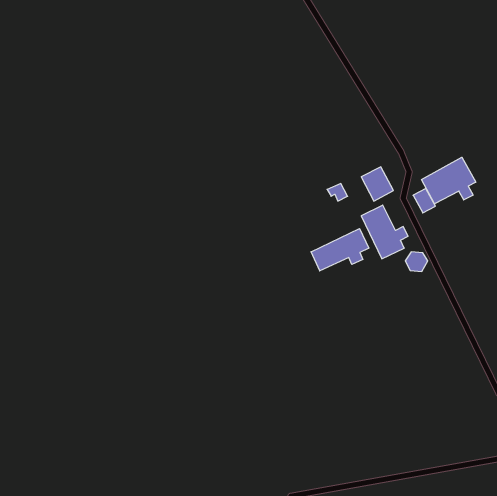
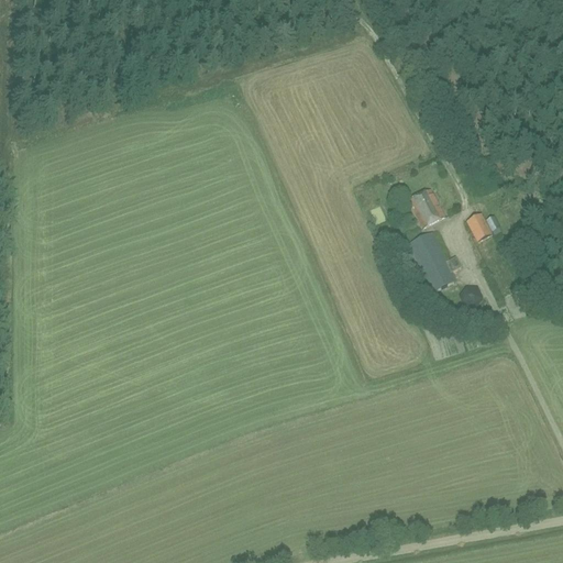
building: [422,157,476,204] -> none
building: [311,229,369,271] -> none

